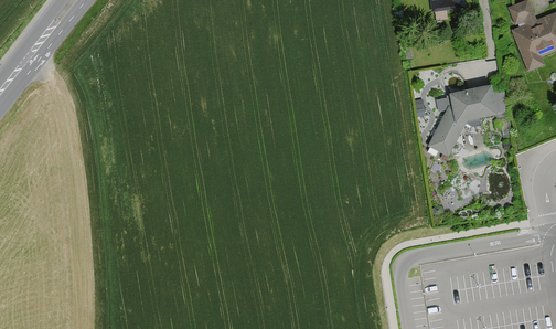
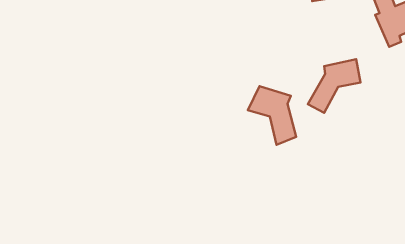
building: none -> [248,86,296,145]

